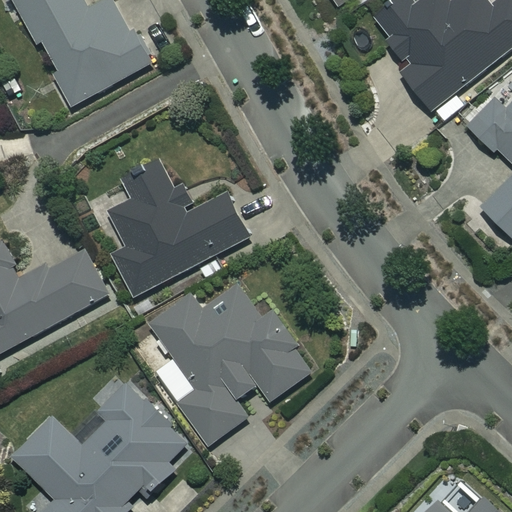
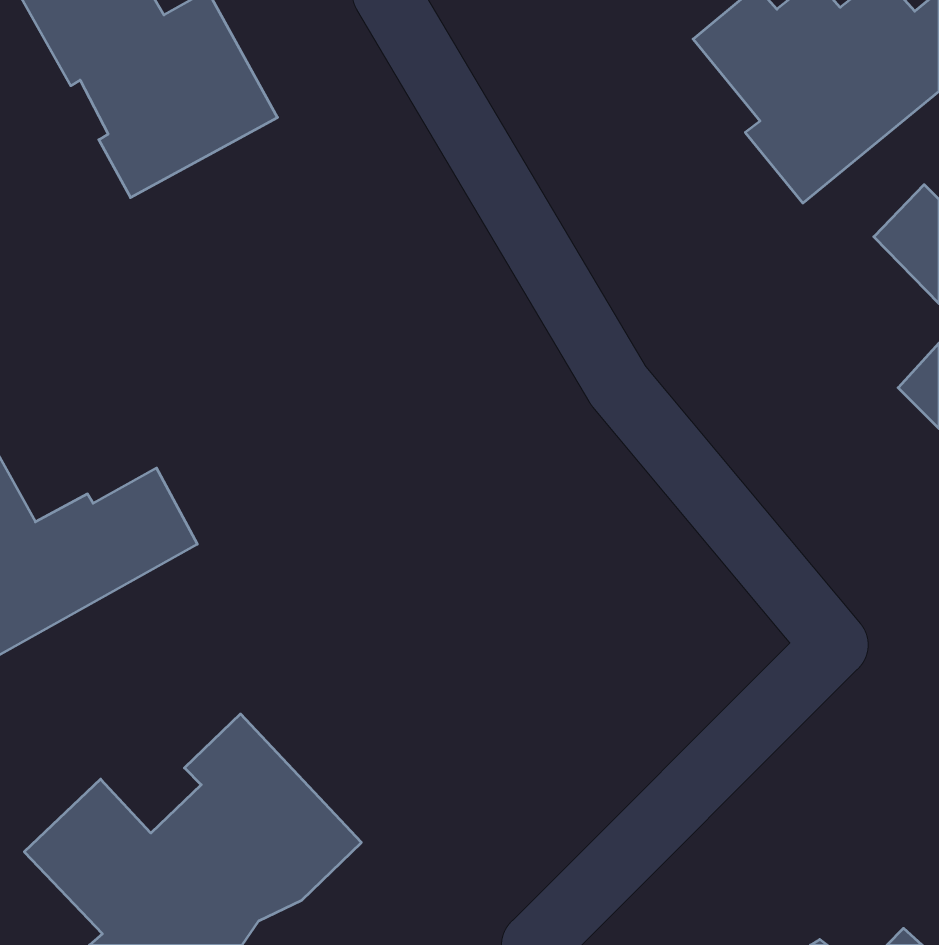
building: [109,165,248,295] -> none
building: [151,295,313,444] -> none

